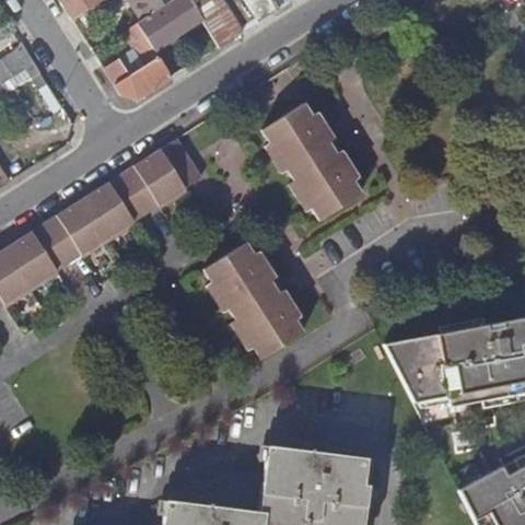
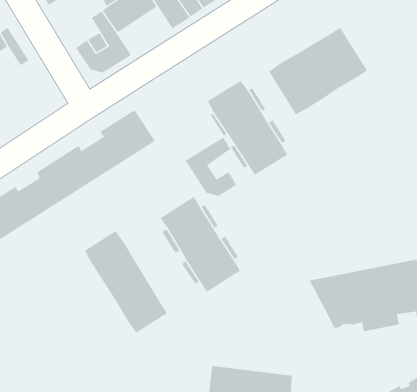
building: none -> [268,27,368,115]
building: none -> [184,137,237,197]
building: none -> [84,230,168,334]

